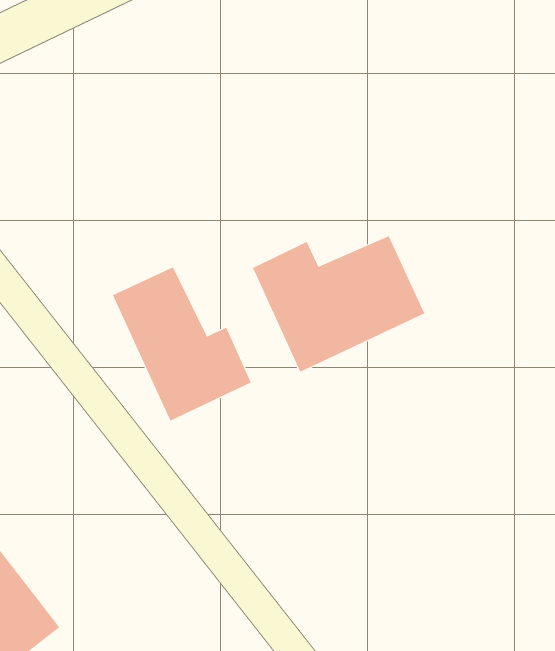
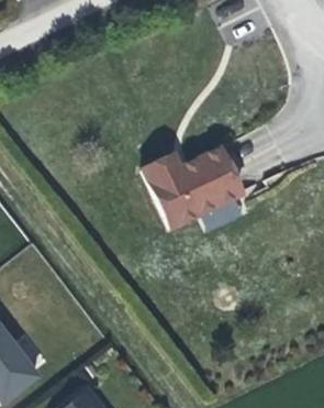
building: [112,266,252,422] -> none

